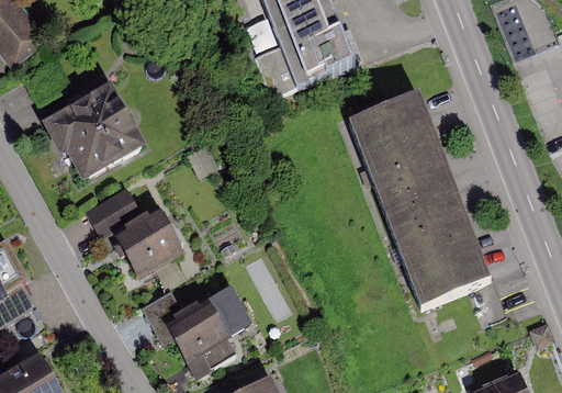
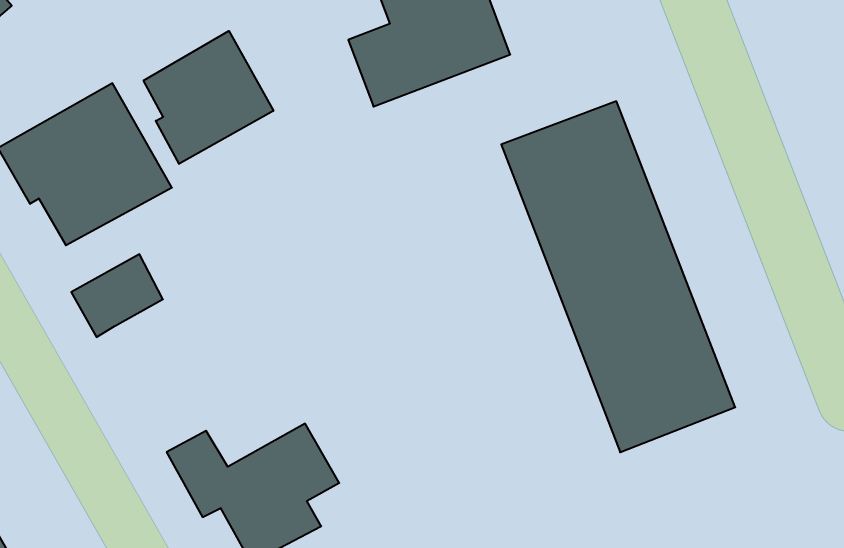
building: none -> [144,31,273,164]
building: [111,203,184,277] -> none

